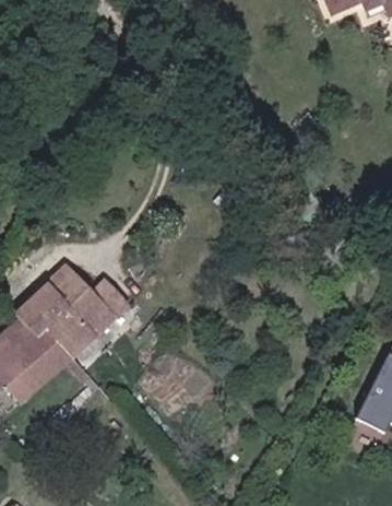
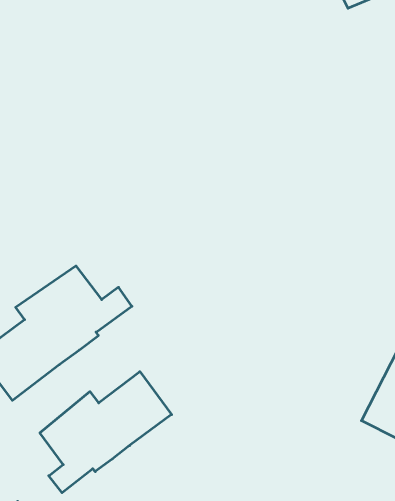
building: none -> [40,372,172,493]

